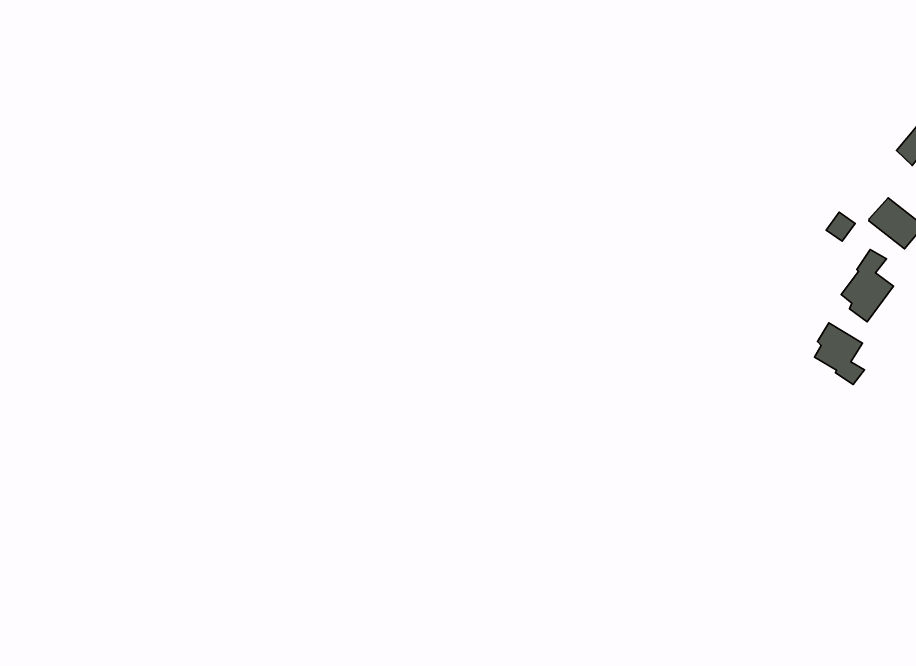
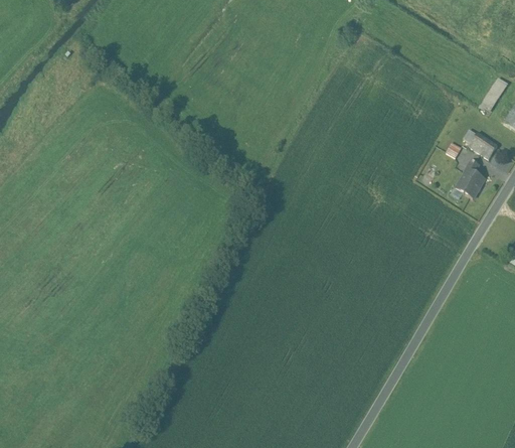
building: [814,323,864,384] -> none

